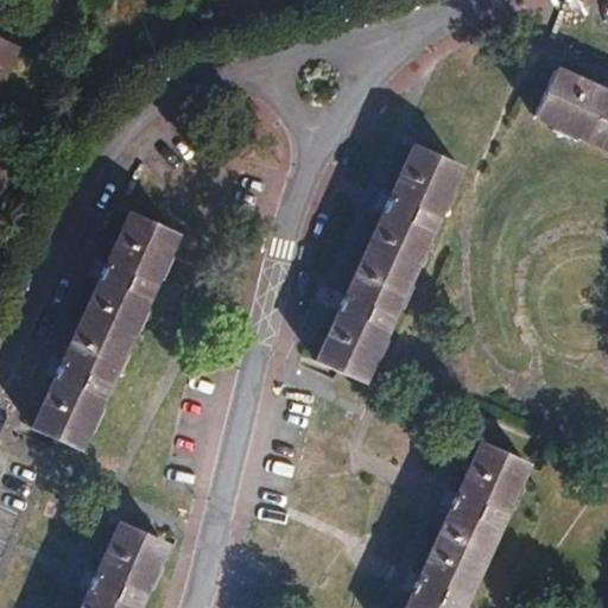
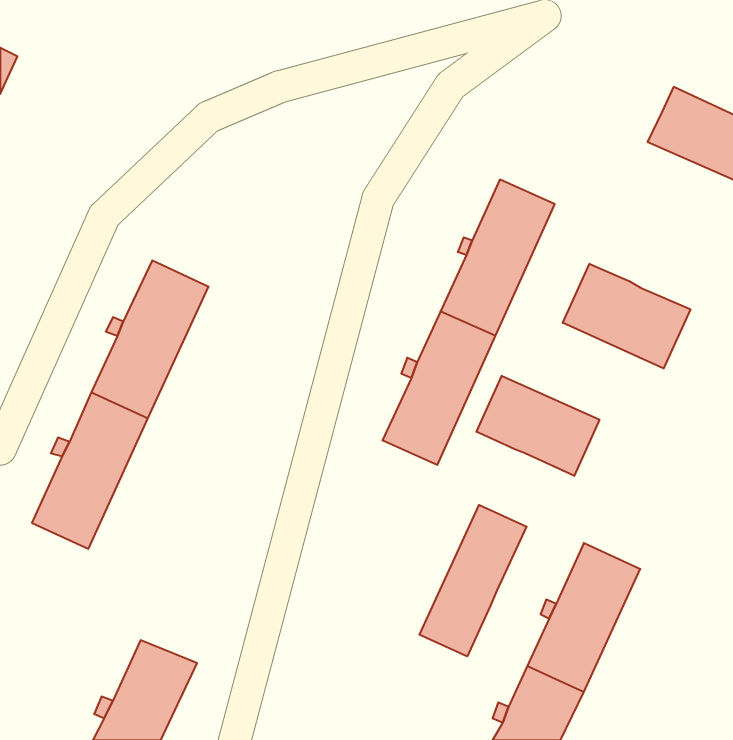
building: none -> [563,264,690,368]
building: none -> [477,376,599,476]
building: none -> [419,505,527,656]

